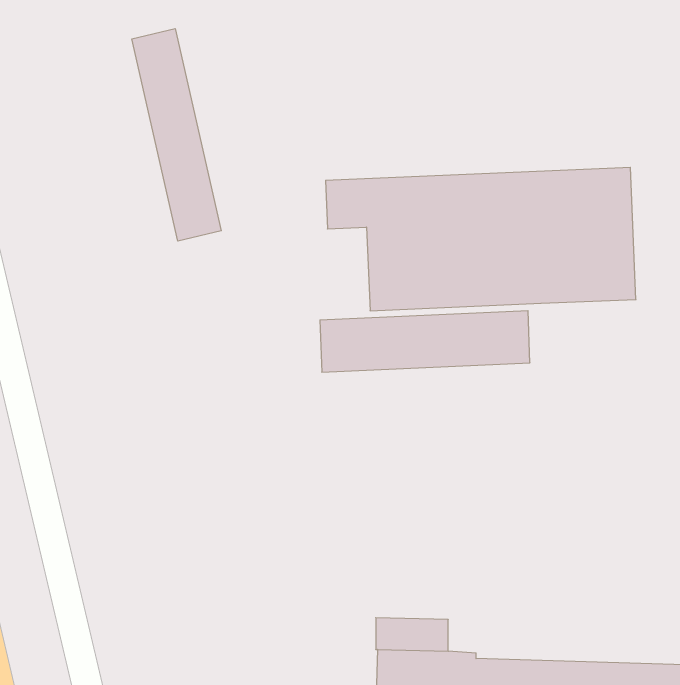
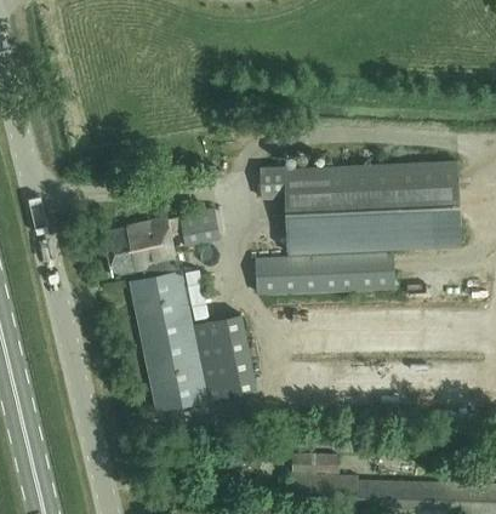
building: [132,29,221,241] -> none
building: none -> [102,206,255,411]

